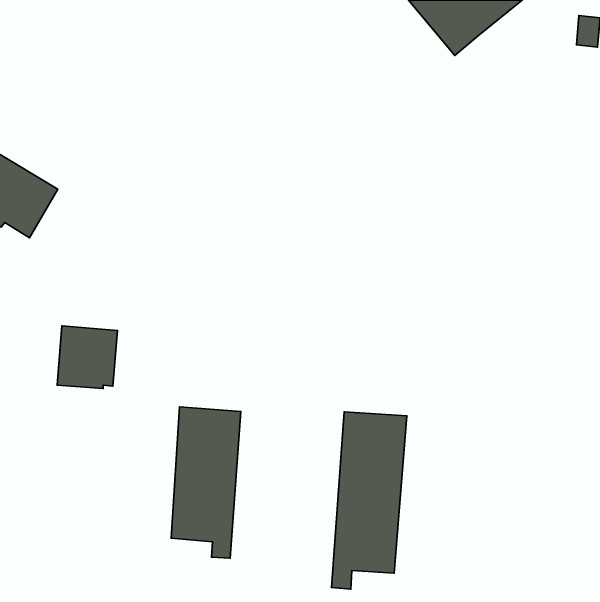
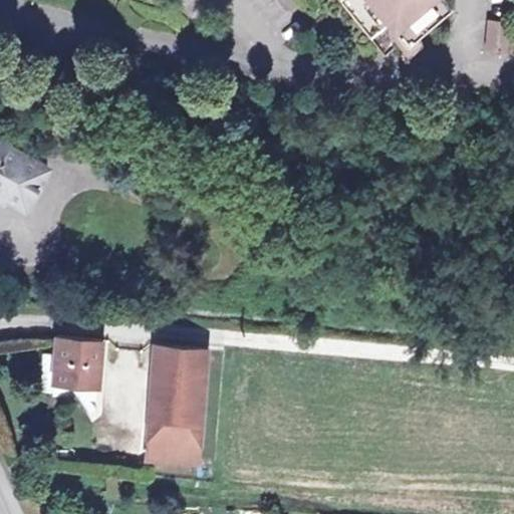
building: [57,326,117,389] -> [49,337,100,391]
building: [331,412,407,589] -> none

